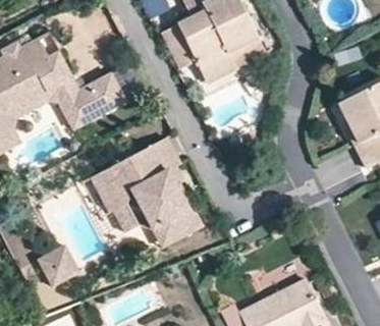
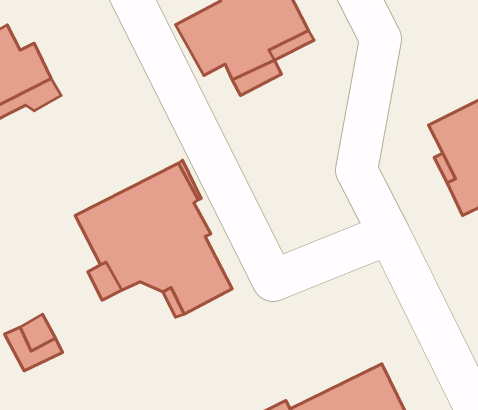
building: [58,71,123,124] -> none

